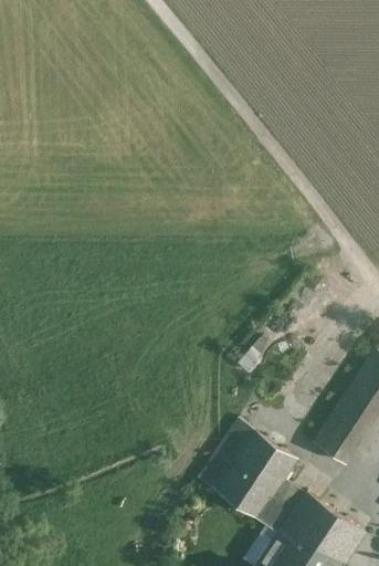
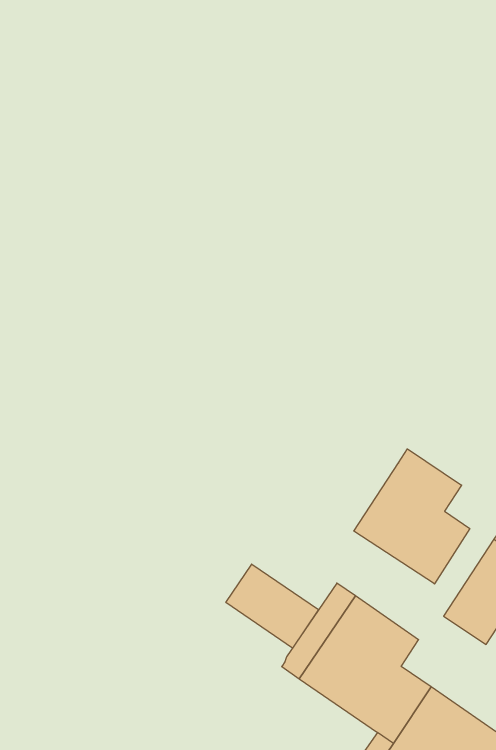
building: none -> [354,449,470,584]
building: none -> [226,564,318,648]

